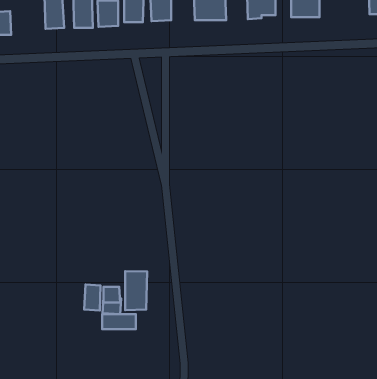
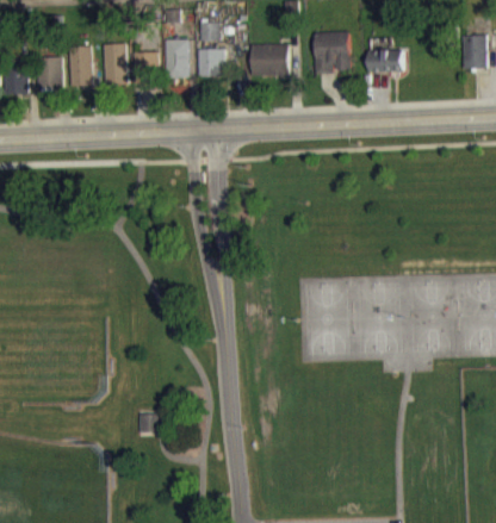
building: none -> [41,56,64,88]
building: [125,271,147,310] -> none
building: [84,285,100,310] -> none
building: [102,314,136,329] -> none

